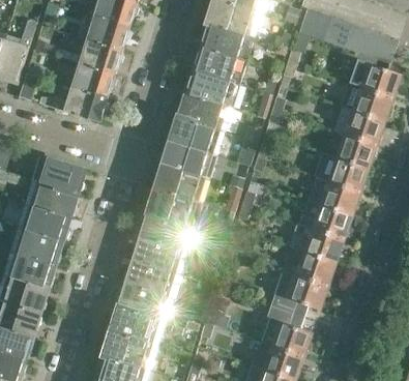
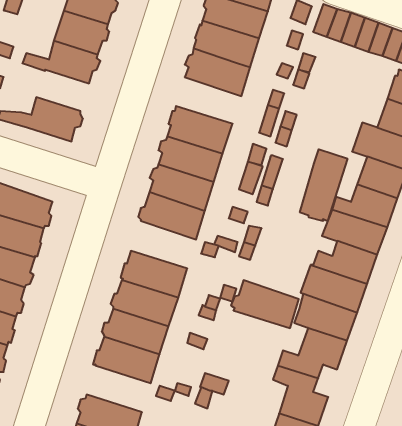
building: [69,62,114,96] -> none
building: [184,68,238,107] -> none
building: none -> [300,149,347,221]
building: [145,186,201,226] -> [231,280,299,328]
building: [108,305,164,344] -> none

